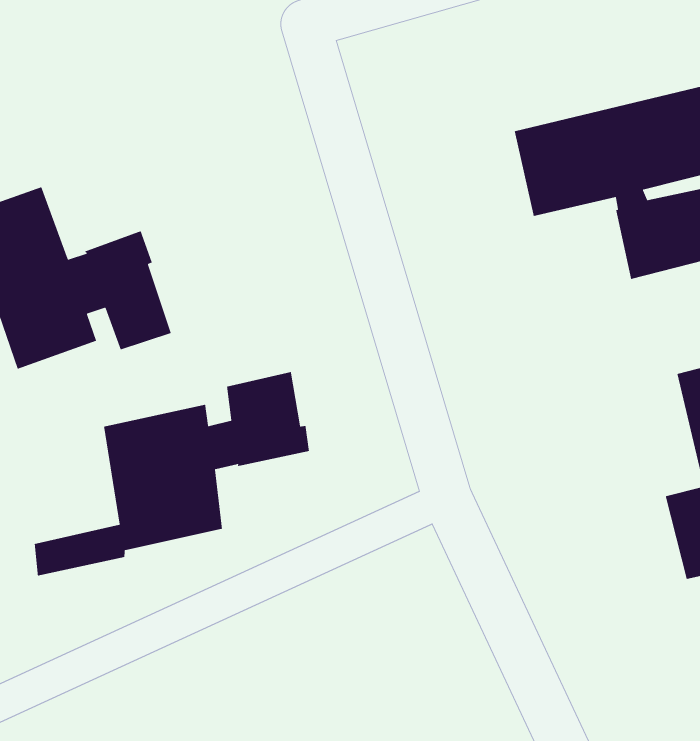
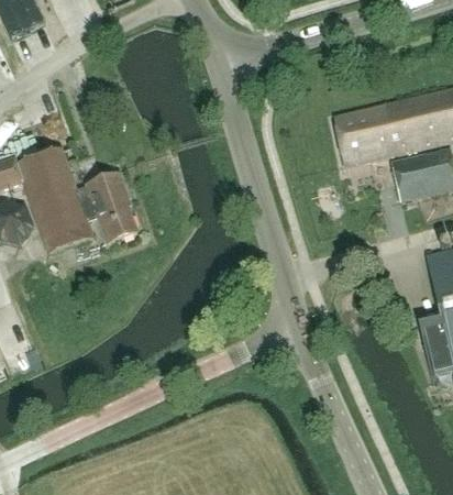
building: [34,371,310,576] -> none

